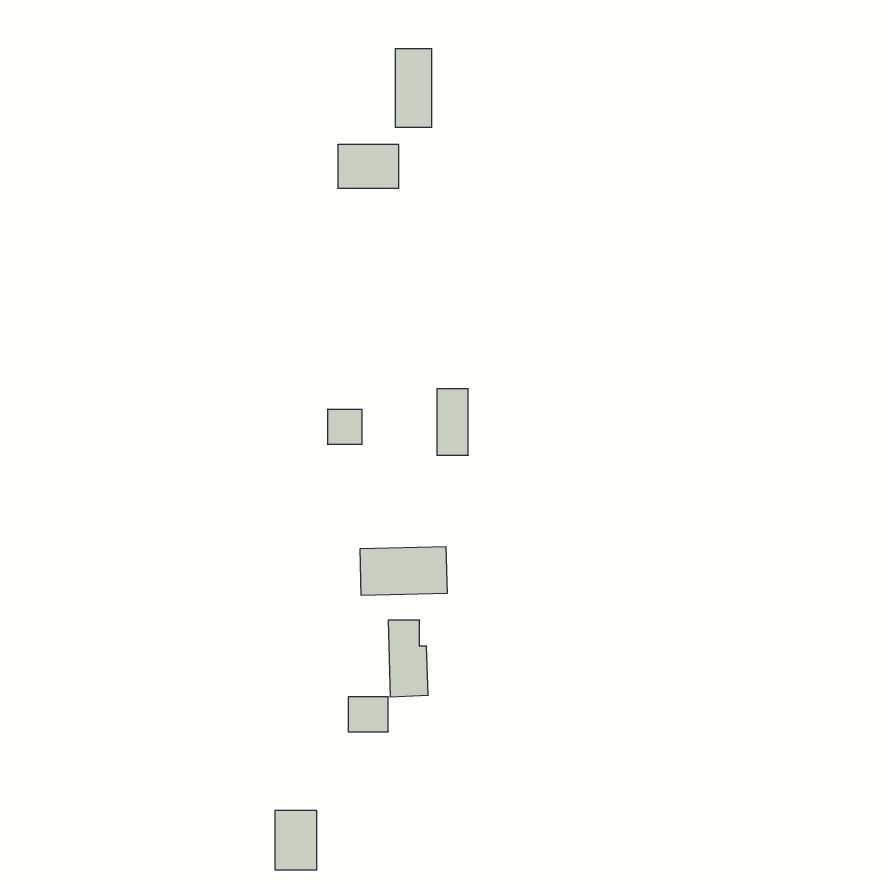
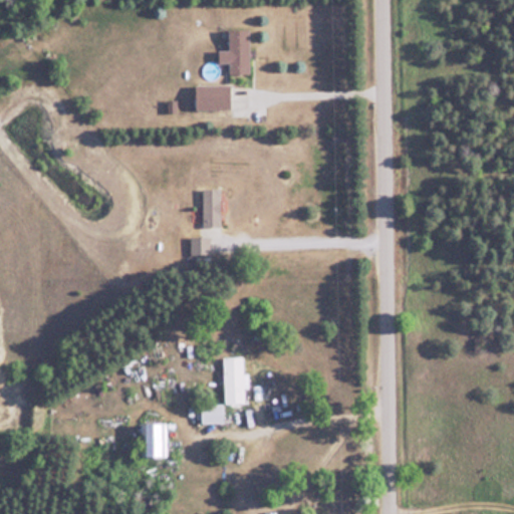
building: [437,389,468,455] -> [202,191,220,229]
building: [360,547,447,595] -> none
building: [275,811,317,870] -> [143,424,167,458]

